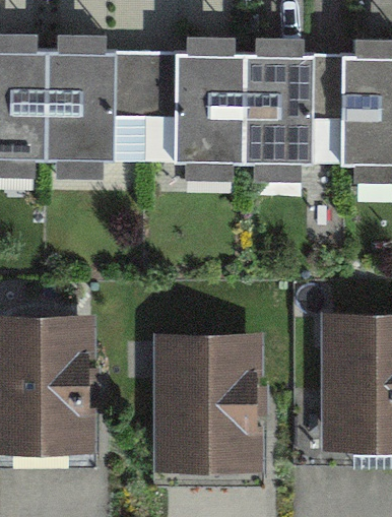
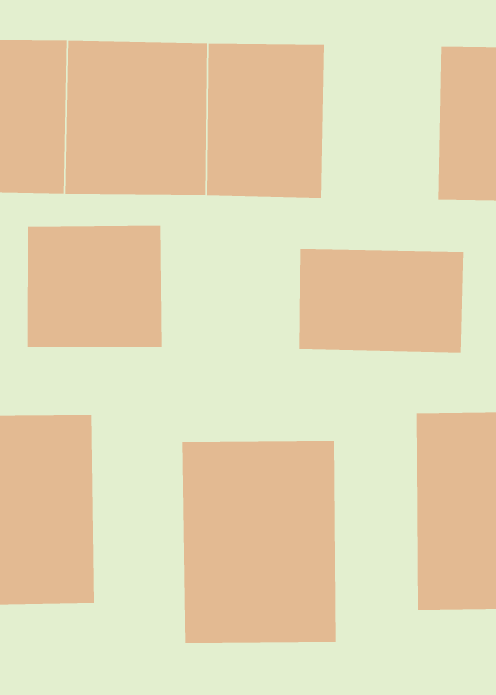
building: [256,56,339,166] -> none
building: none -> [27,225,162,348]
building: none -> [298,248,464,354]

